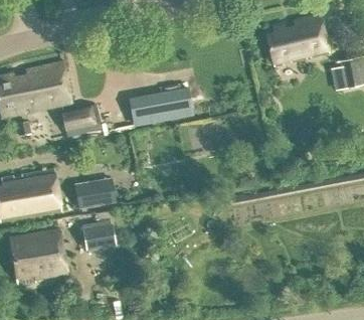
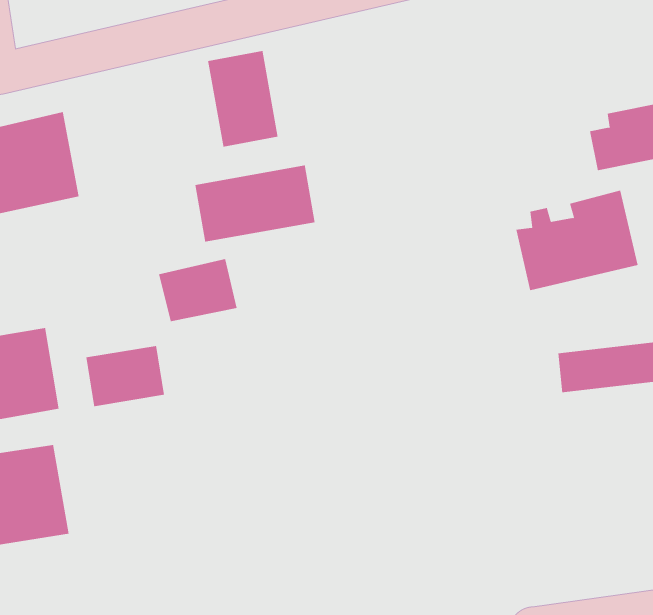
building: [266,14,329,65] -> [516,190,639,291]
building: none -> [208,50,278,148]
building: [61,104,102,136] -> [158,258,238,322]
building: [82,224,115,250] -> none

